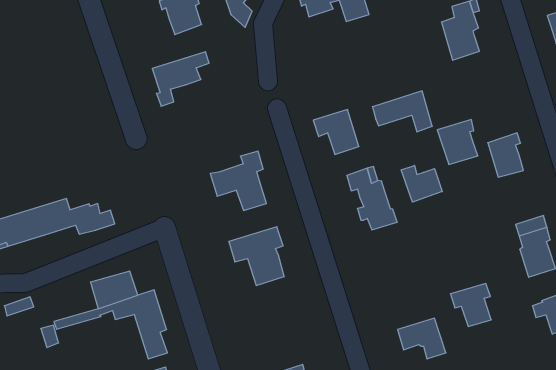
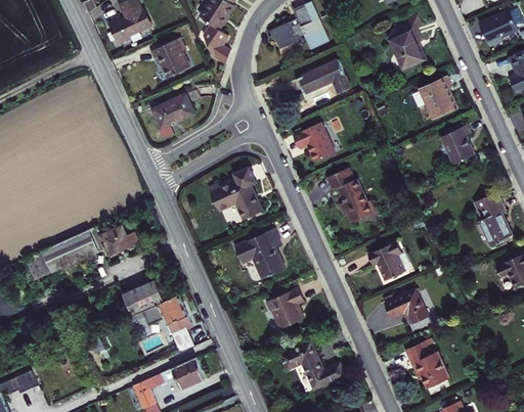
building: [372,91,432,132] -> [298,59,350,94]
building: [437,120,478,164] -> [420,77,456,117]
building: [401,165,442,202] -> none
building: [450,284,491,327] -> [367,241,404,279]
building: none -> [266,287,303,328]

